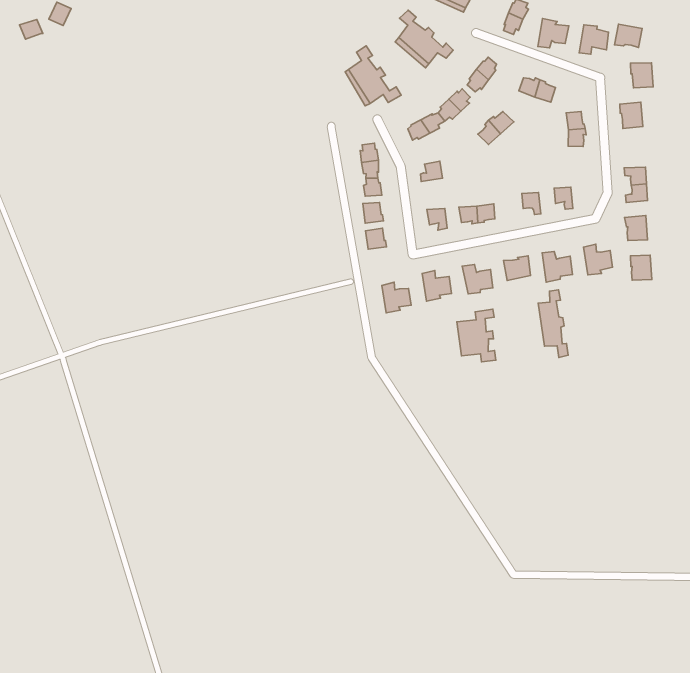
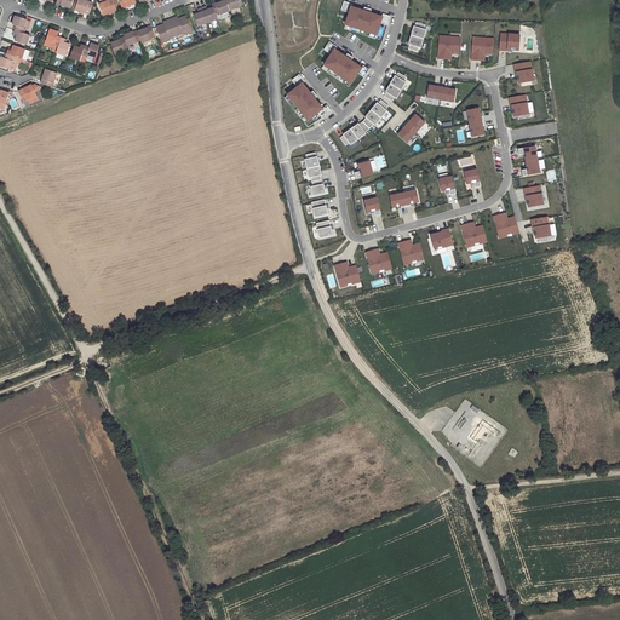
building: [538,290,568,358] -> none
building: [457,309,496,362] -> none

